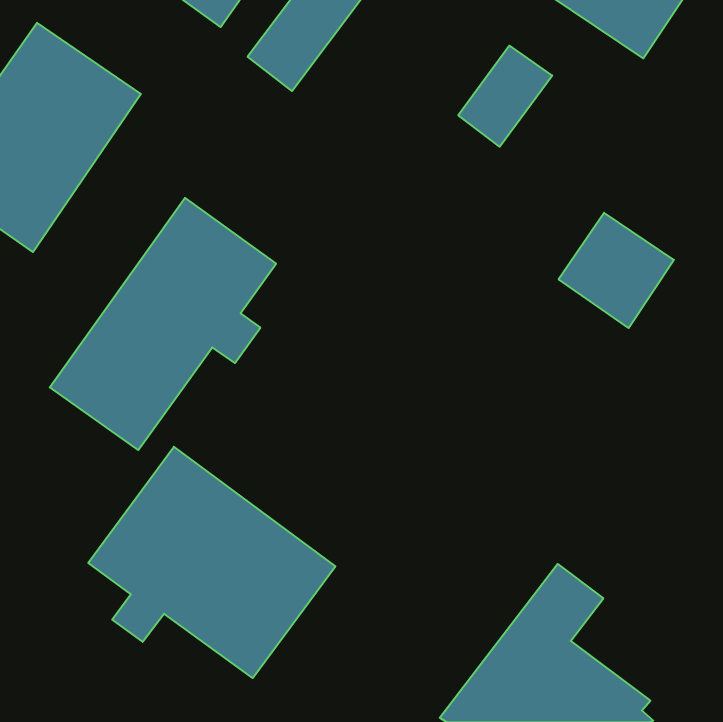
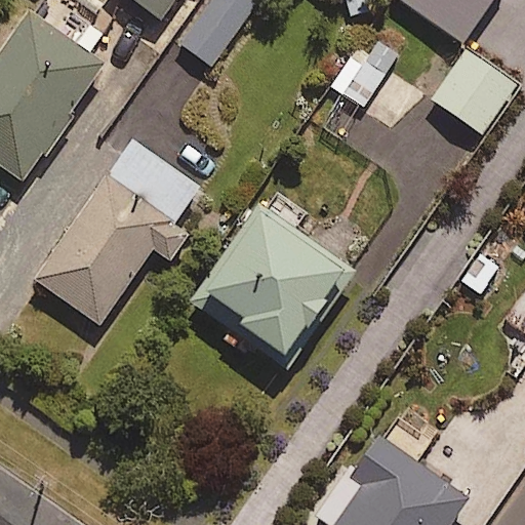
building: [559,213,674,328] -> [431,51,514,134]
building: none -> [191,207,350,360]
building: [88,447,335,678] -> none

